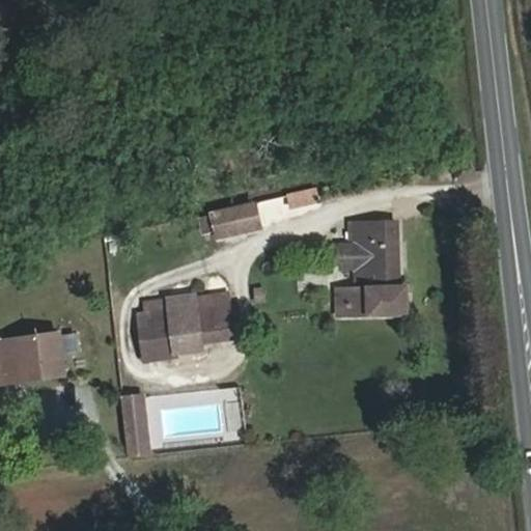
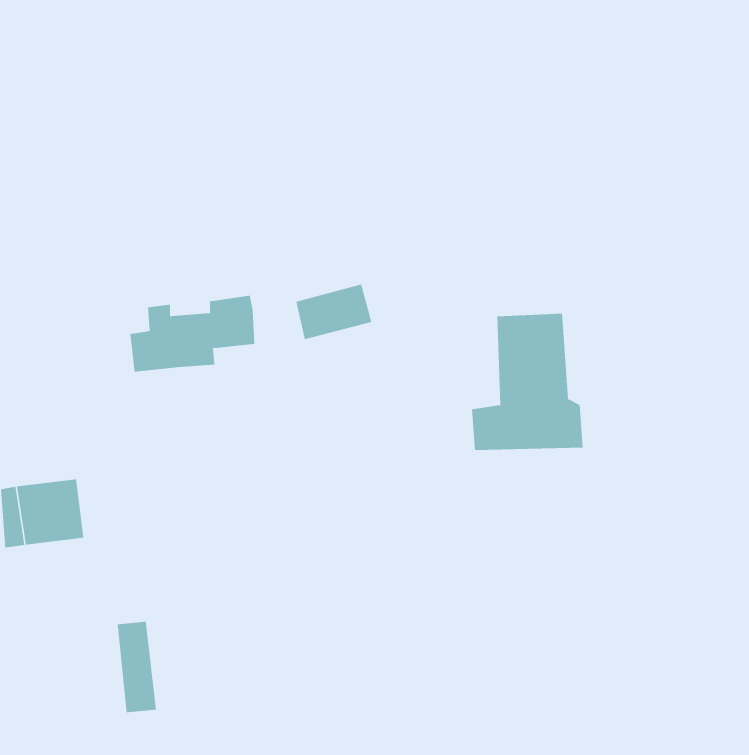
building: [137,302,225,356] -> [130,295,255,372]
building: [121,395,149,459] -> [117,621,157,713]

